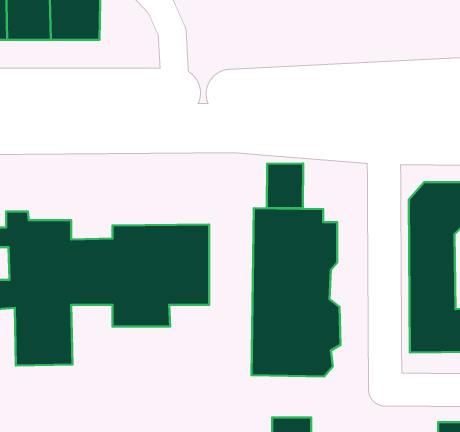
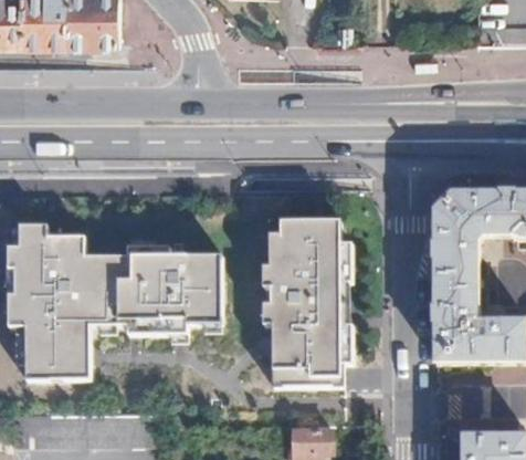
building: [267,164,303,208] -> none

